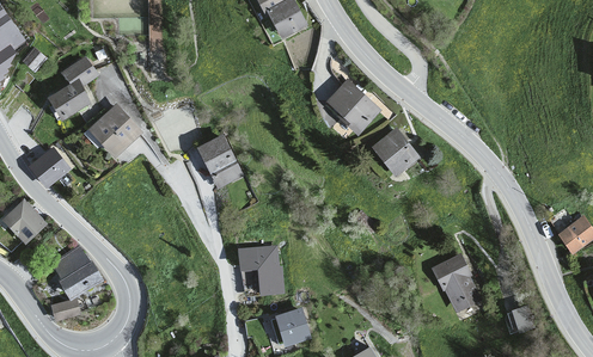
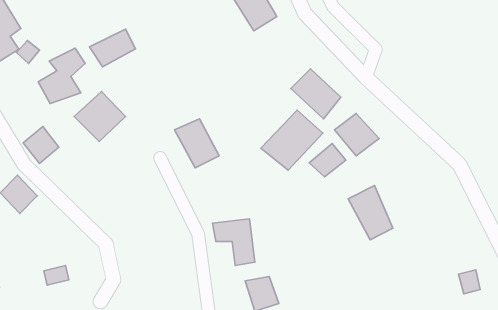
building: none -> [89,29,135,67]
building: none -> [261,110,323,170]
building: none -> [309,144,346,177]
building: [55,245,103,295] -> none
building: [429,253,478,313] -> [348,186,393,240]

